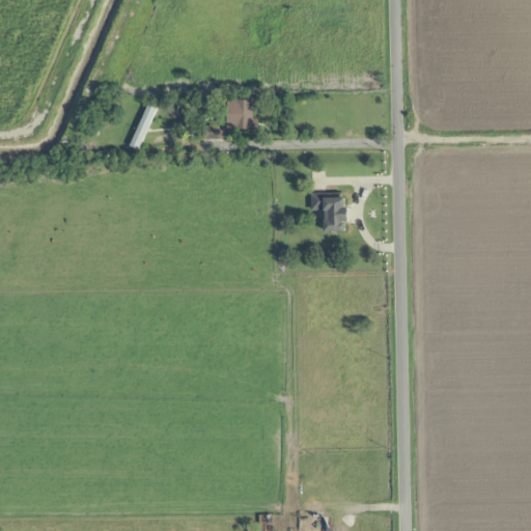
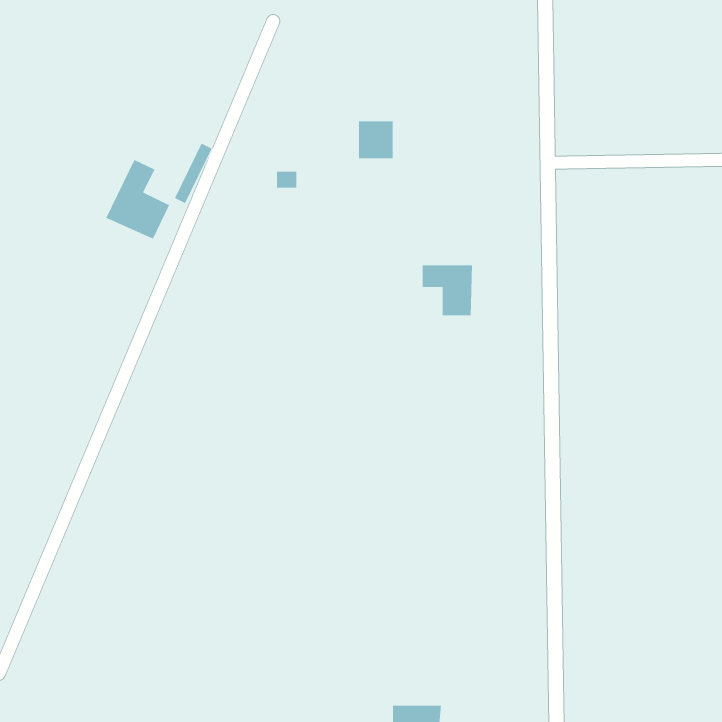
building: [226,101,252,129] -> [358,121,394,159]
building: none -> [105,159,170,239]

